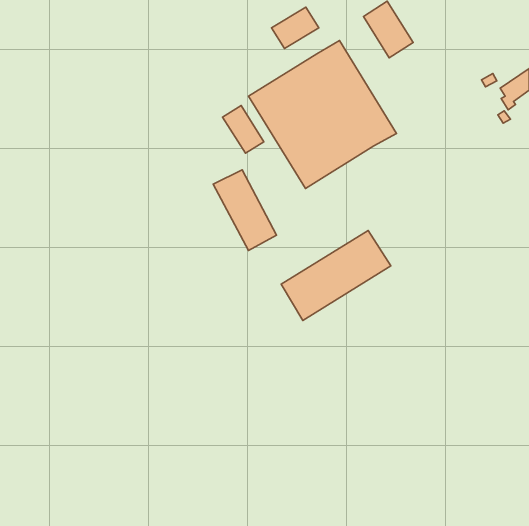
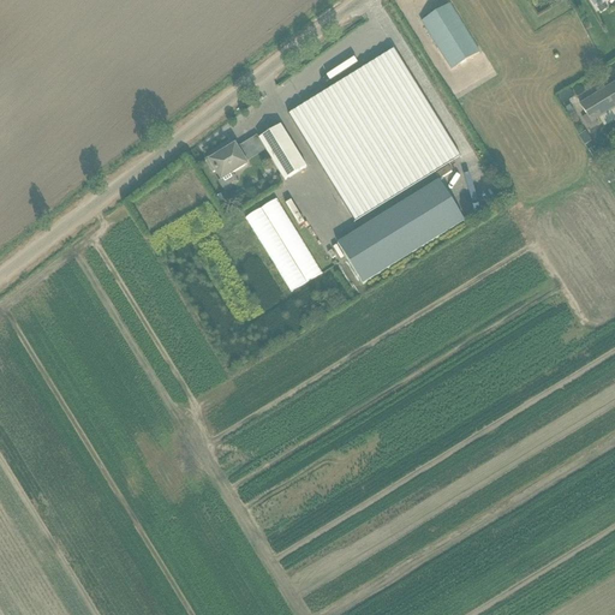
building: [272,7,319,49] -> none
building: none -> [205,143,247,186]
building: [281,230,391,321] -> [338,178,465,282]

